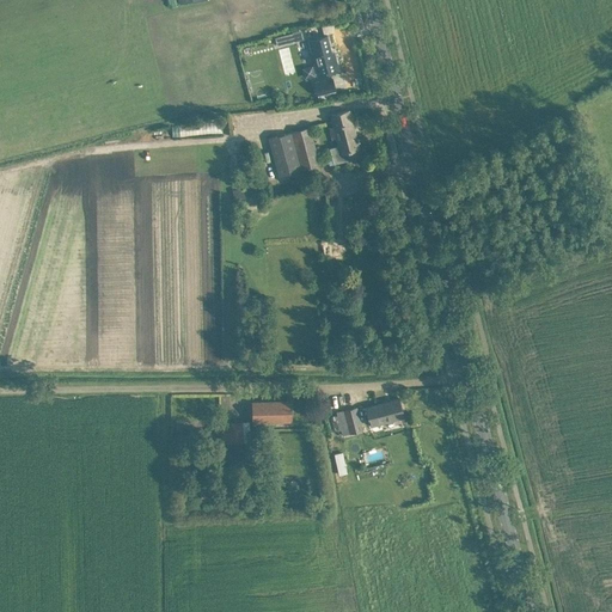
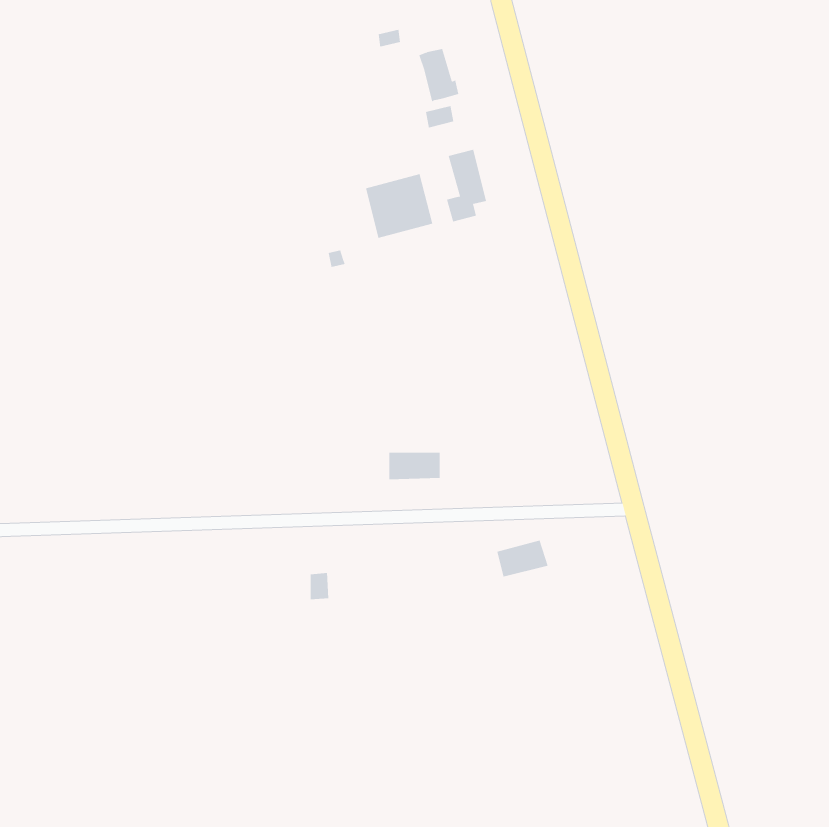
building: [252,403,290,423] -> [389,452,440,480]
building: [331,408,362,436] -> none

